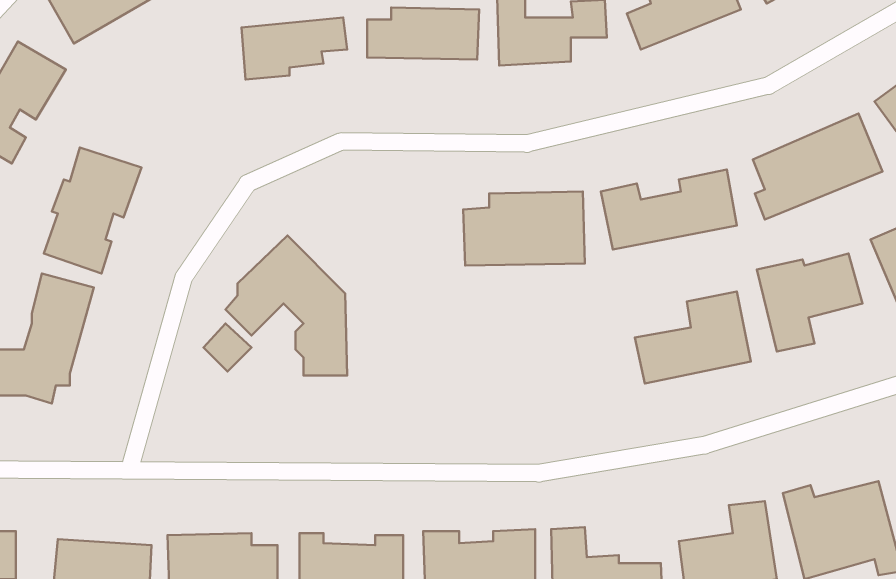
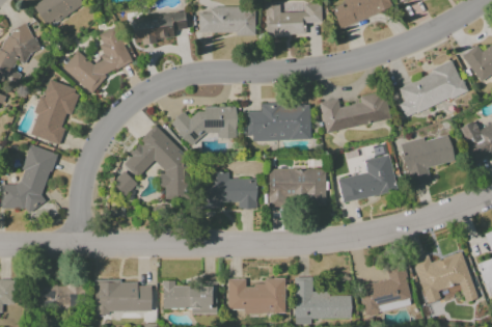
building: none -> [63,26,132,92]
building: none -> [176,106,238,138]
building: none -> [269,167,326,206]
building: none -> [203,170,257,209]

